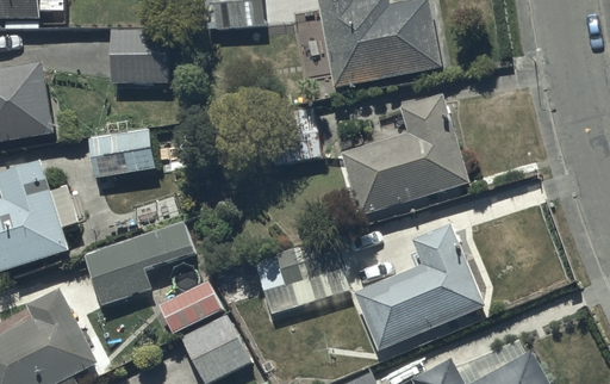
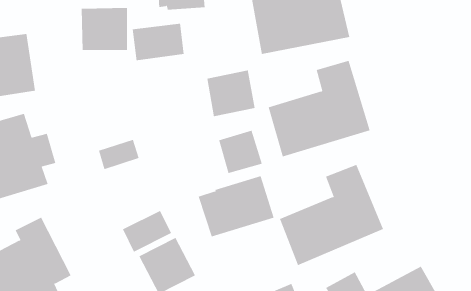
building: [88,130,154,176] -> [132,23,185,61]
building: none -> [219,130,262,174]
building: [83,222,192,304] -> none

